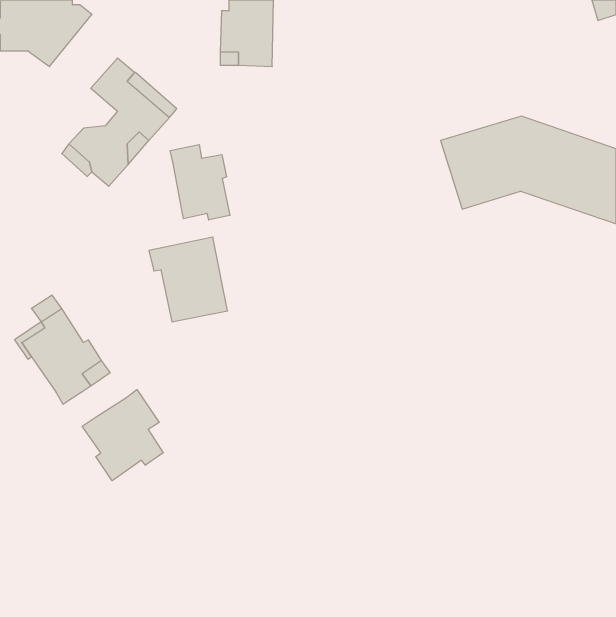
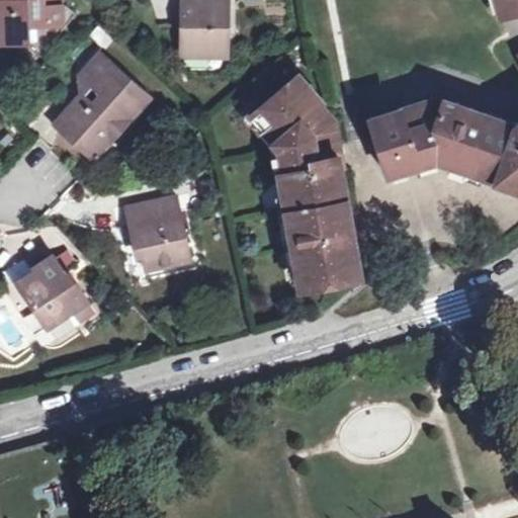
building: none -> [249,75,358,285]
building: [170,145,230,220] -> none
building: [82,390,163,481] -> none

